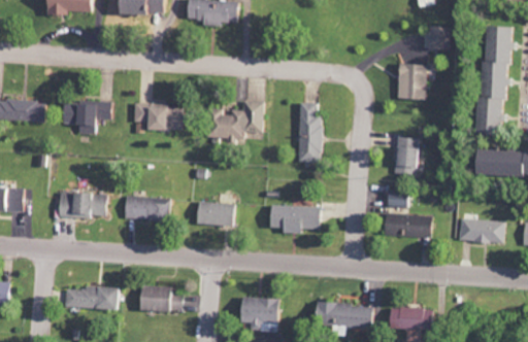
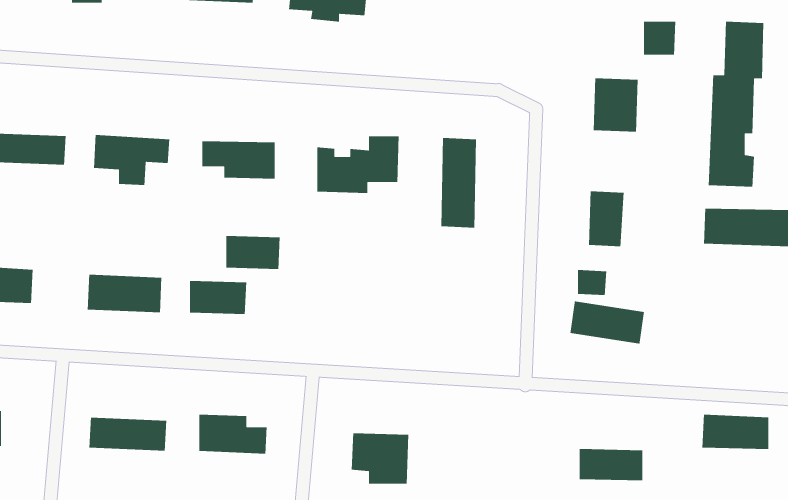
building: [195,202,231,225] -> [226,235,281,270]
building: [267,205,319,233] -> none
building: [460,218,504,242] -> [701,414,769,450]
building: [312,303,371,335] -> none

